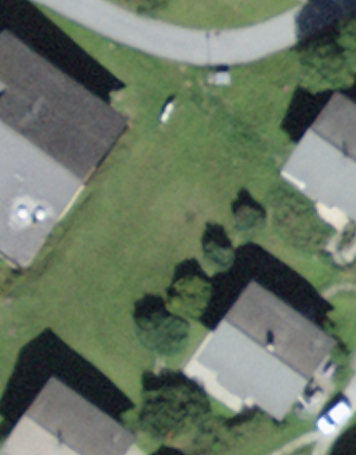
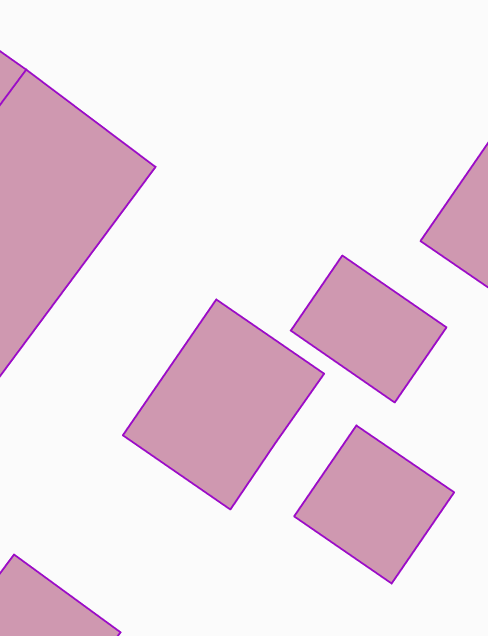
building: none -> [291,256,446,402]
building: none -> [123,299,324,509]

